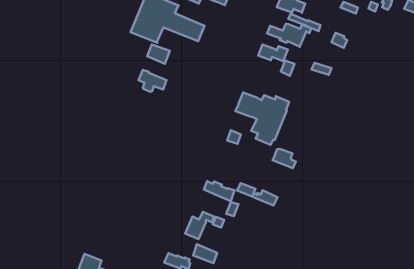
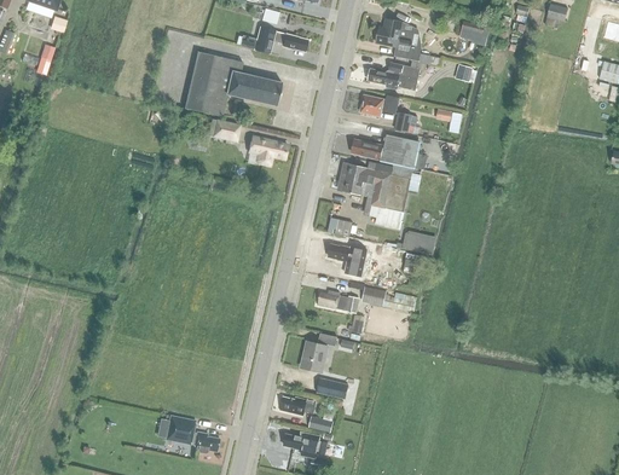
building: [139,70,167,92] -> [248,137,285,164]
building: none -> [349,134,424,167]
building: none -> [326,244,365,277]

